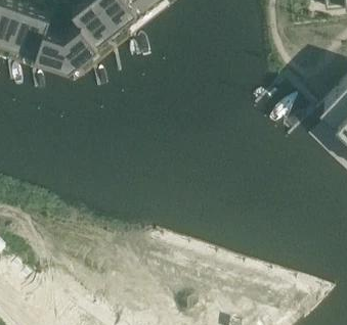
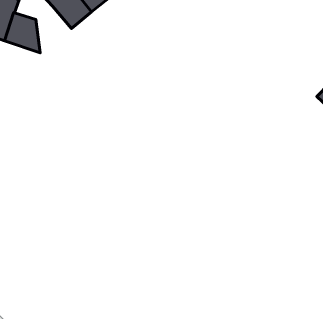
building: [57,28,90,71] -> none

